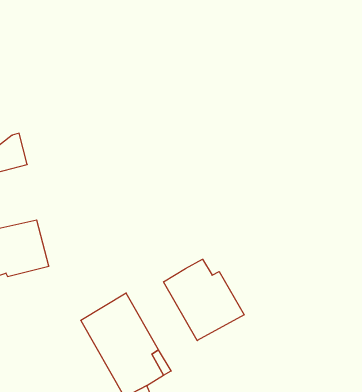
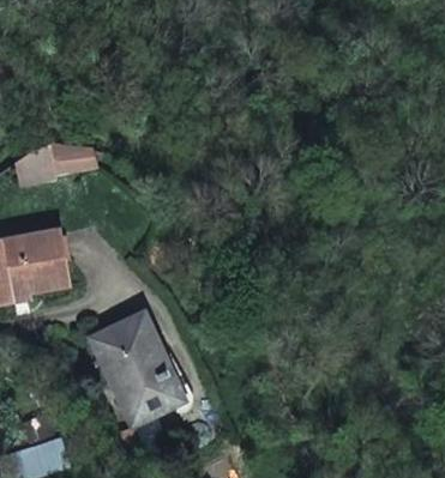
building: none -> [52,140,101,176]
building: [164,259,244,341] -> none

